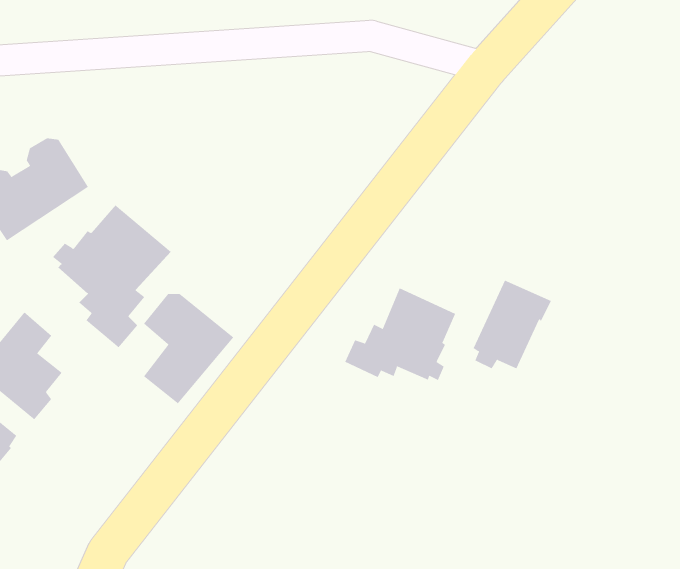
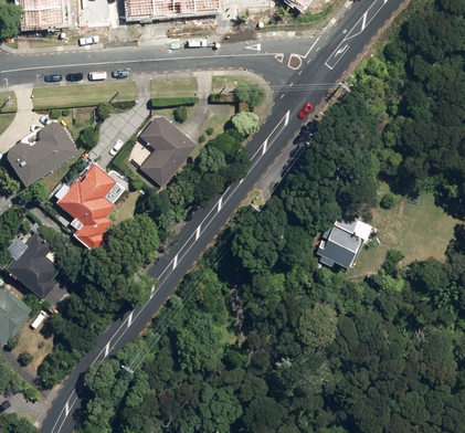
building: [344,288,456,381] -> none
building: [143,294,234,404] -> [138,117,195,187]

